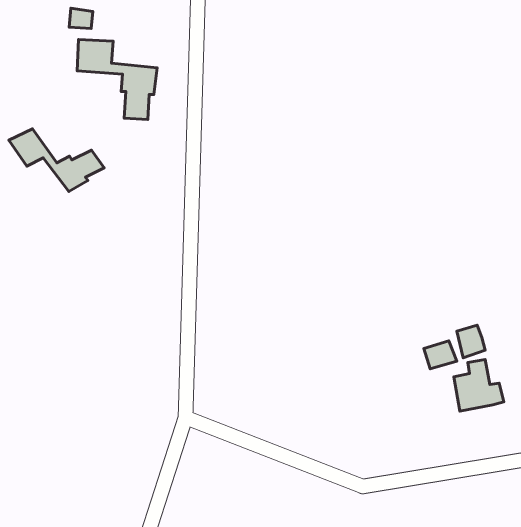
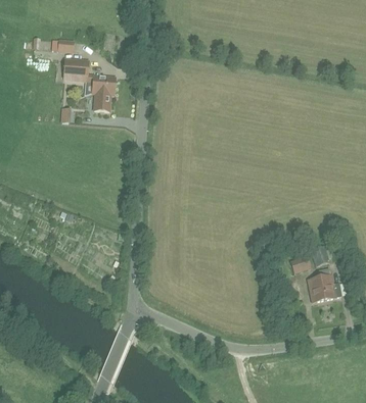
building: [9,129,104,192] -> none

